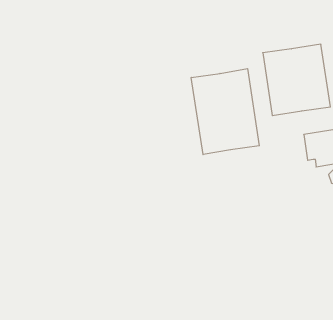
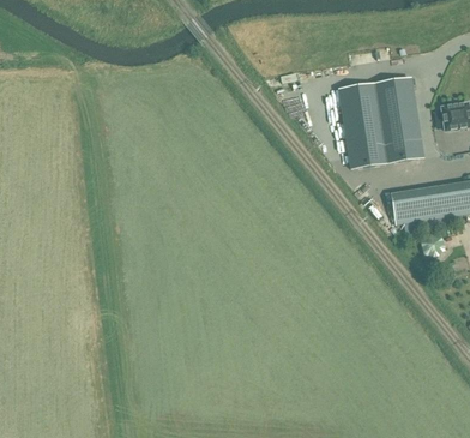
building: [191,69,259,155] -> none

